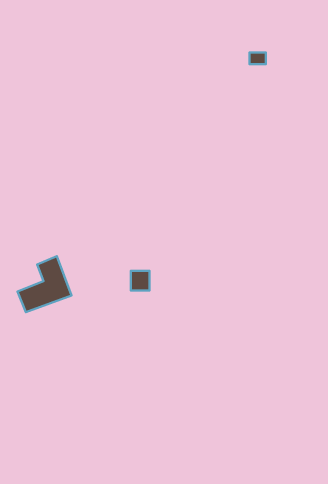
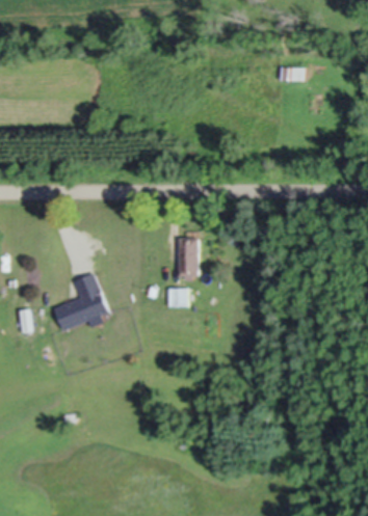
building: none -> [178,239,195,276]

